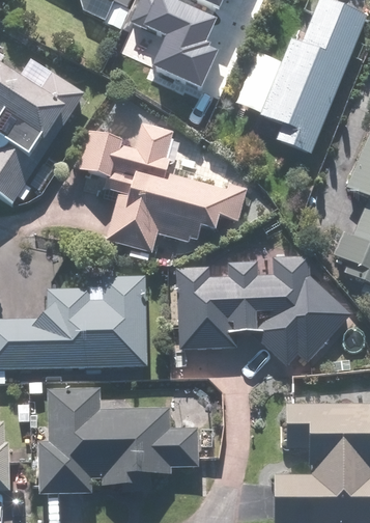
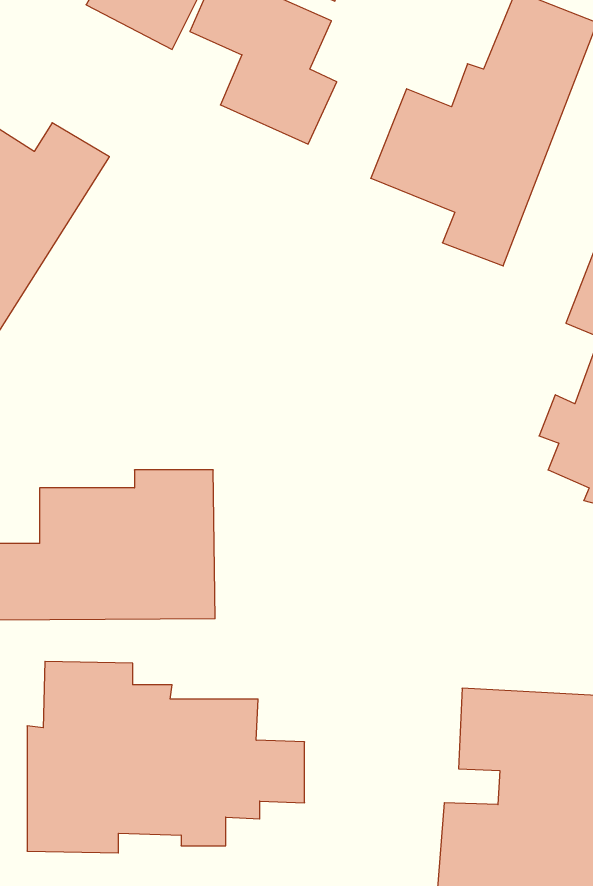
building: [82,126,245,251] -> none
building: [175,258,352,366] -> none

